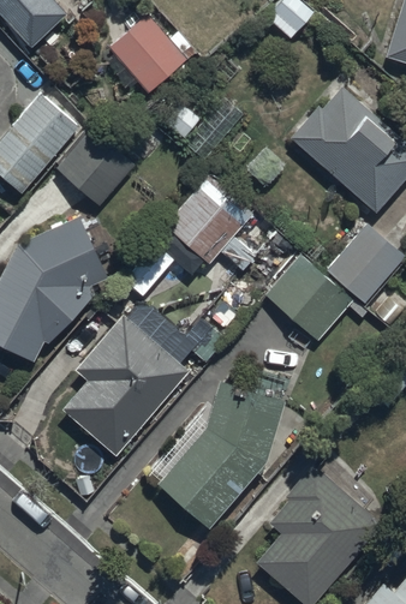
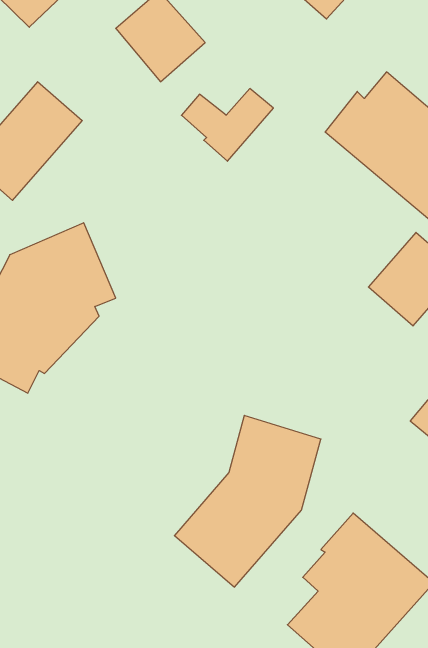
building: [55,130,132,205] -> none
building: [154,175,251,276] -> none
building: [265,255,353,340] -> none
building: [62,315,187,455] -> none

